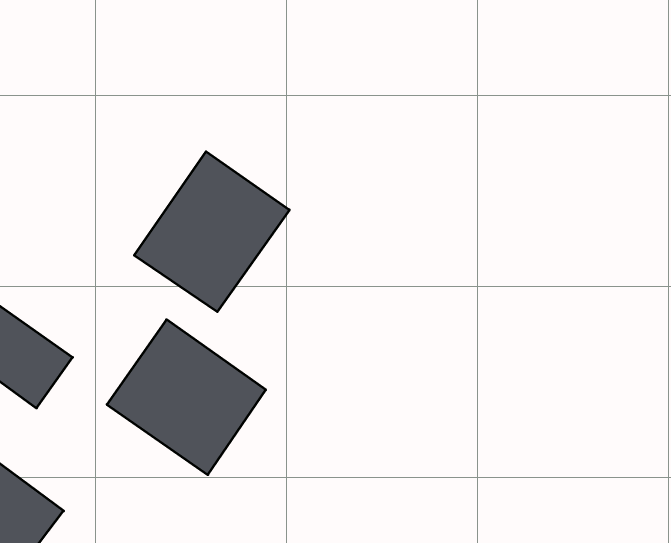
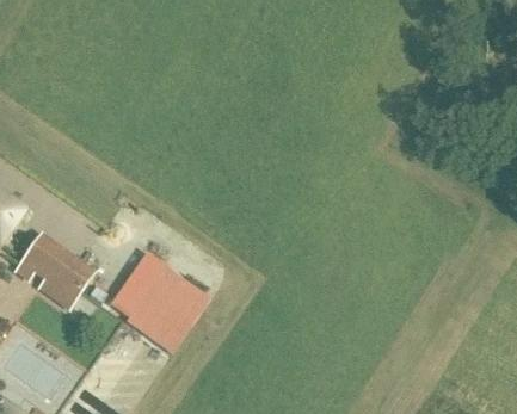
building: [134,152,289,312] -> none

